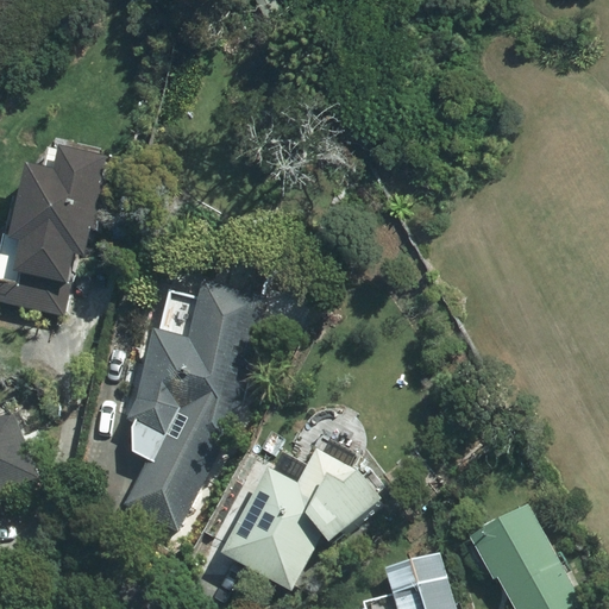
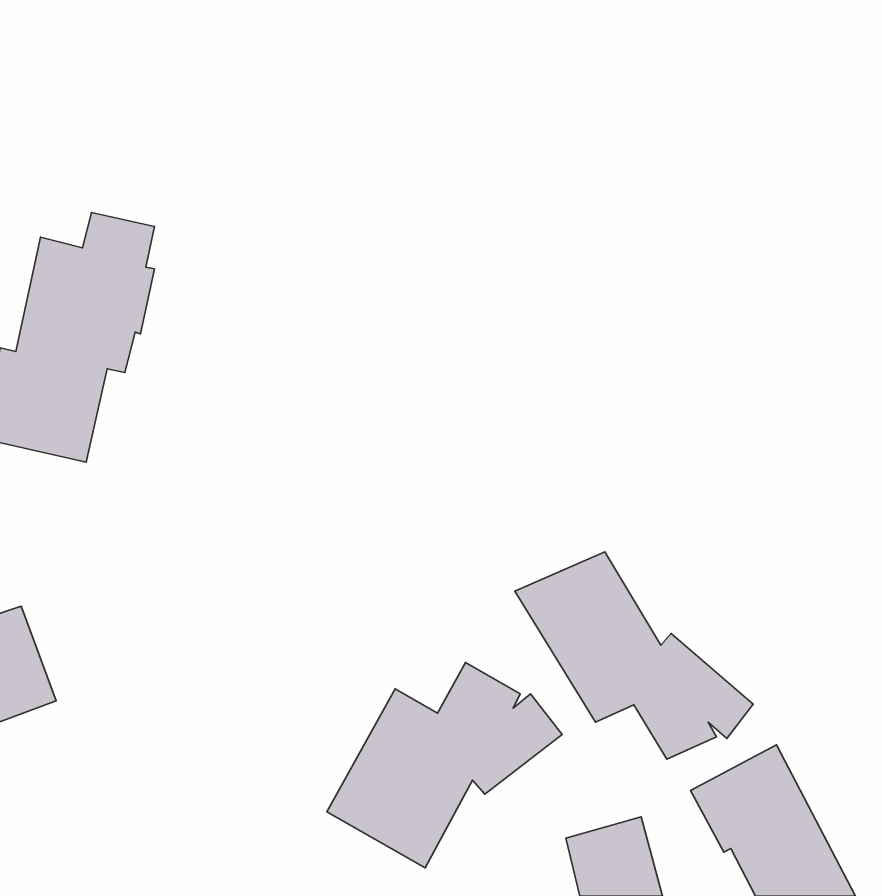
building: [123,280,263,528] -> none
building: none -> [515,552,753,759]

